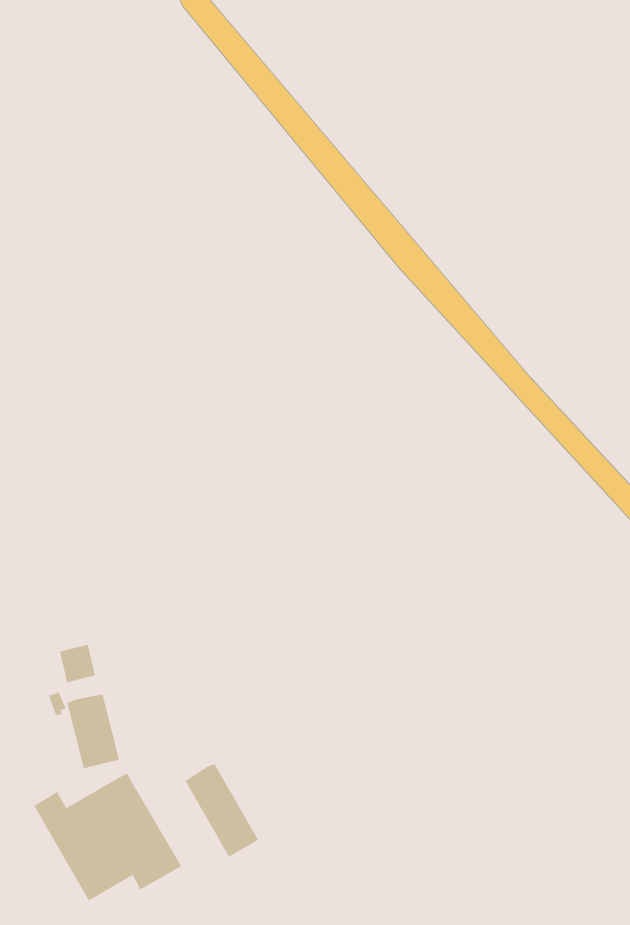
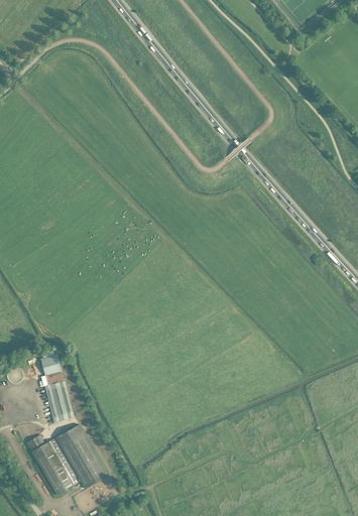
building: [185,763,259,857] -> none

